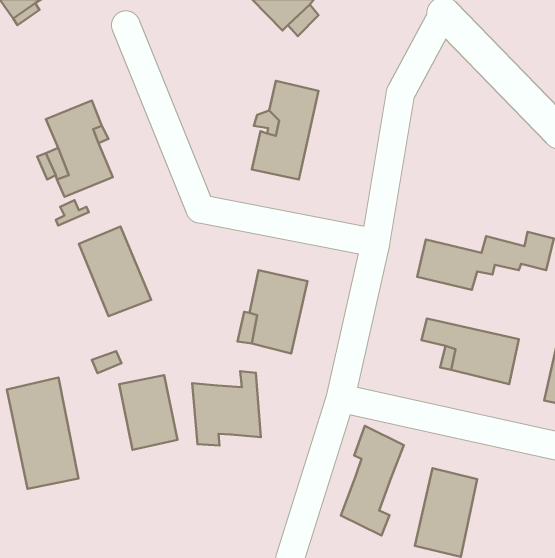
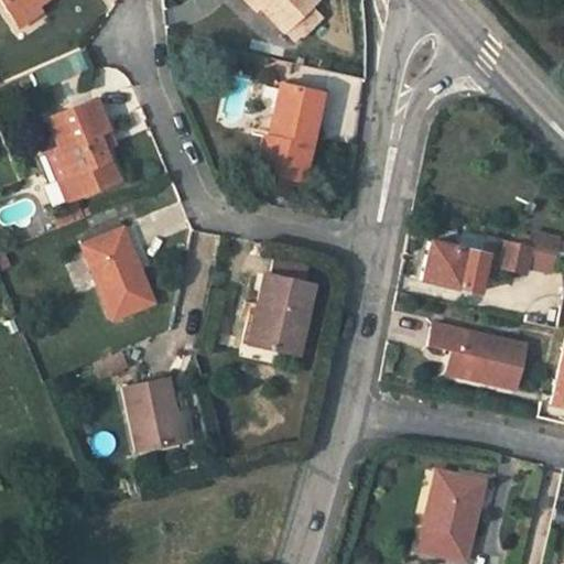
building: [192,371,261,445] -> none
building: [7,378,79,489] -> none
building: [341,426,404,536] -> none

